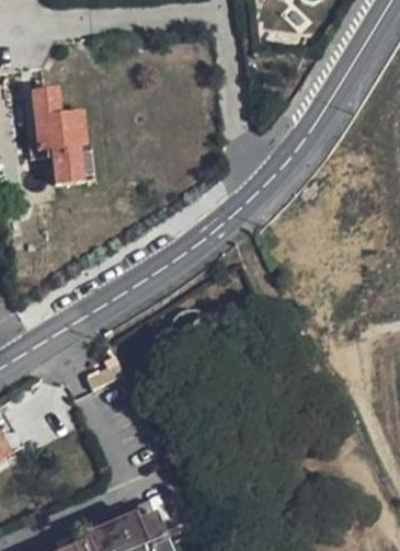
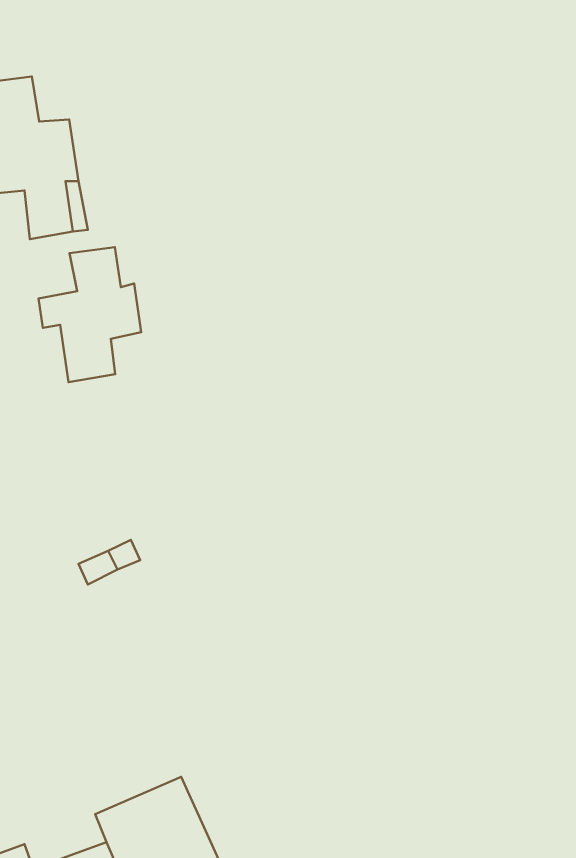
building: none -> [38,247,141,382]

